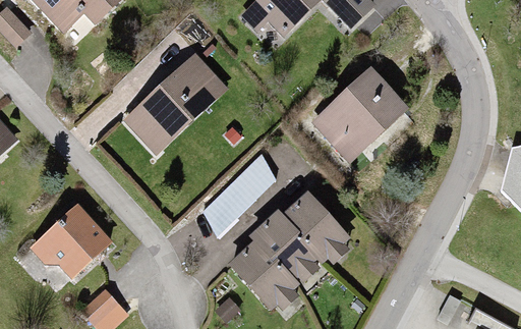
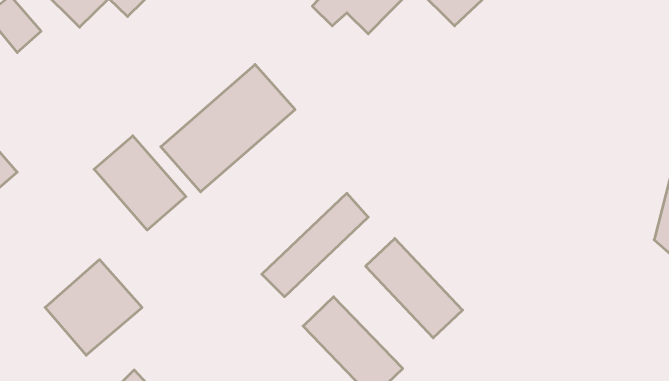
building: [314,65,402,154] -> none
building: none -> [94,136,186,230]
building: [256,212,333,290] -> none

